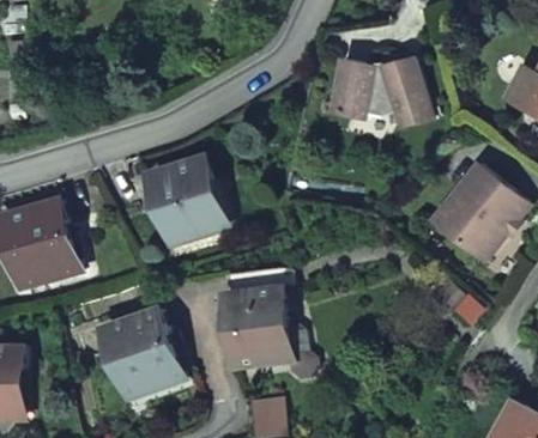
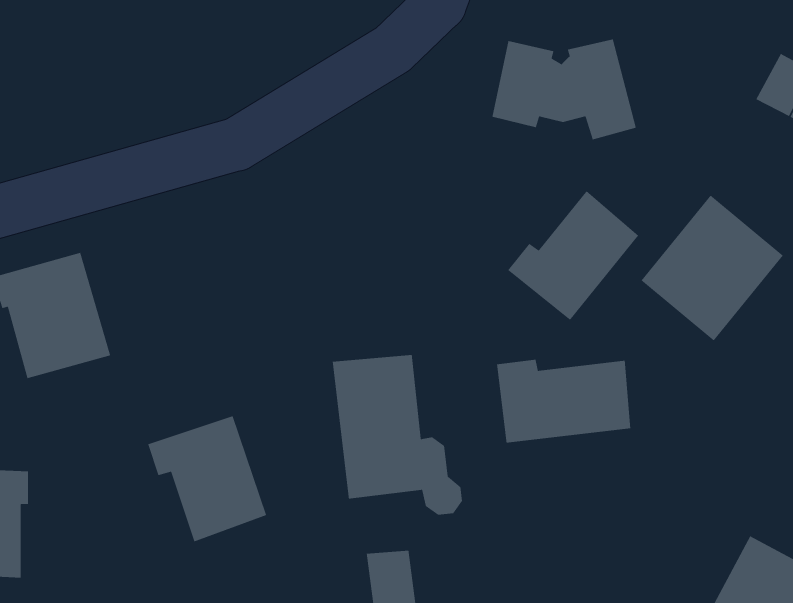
building: [147,159,219,244] -> none
building: none -> [507,190,639,321]
building: none -> [496,359,631,443]

